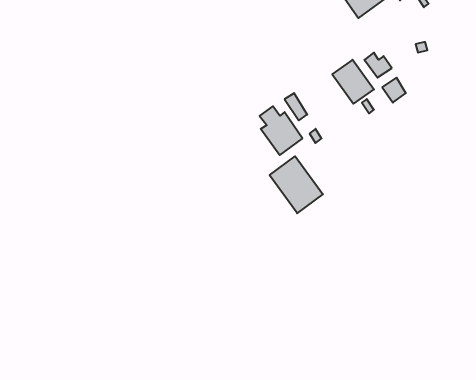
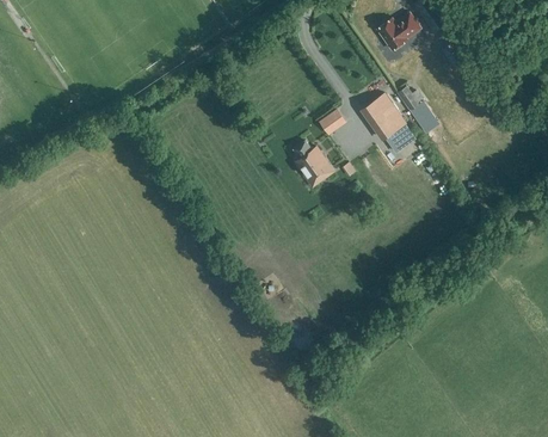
building: [270,156,323,213] -> none

